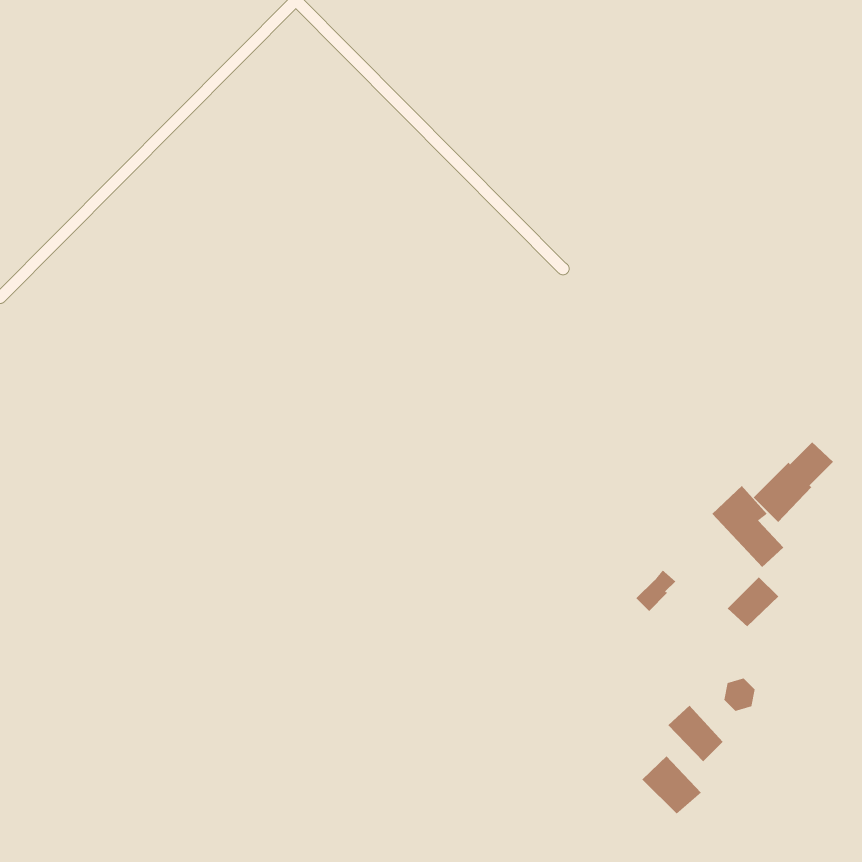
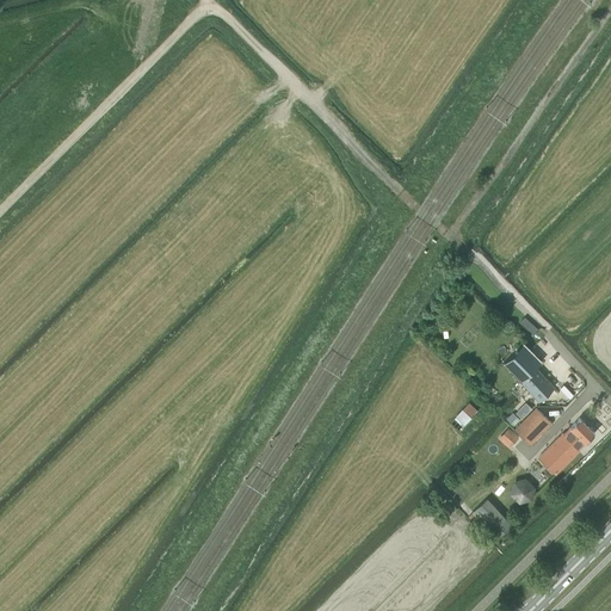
building: [753,442,834,523] -> [538,419,595,476]
building: [641,756,702,815] -> none

